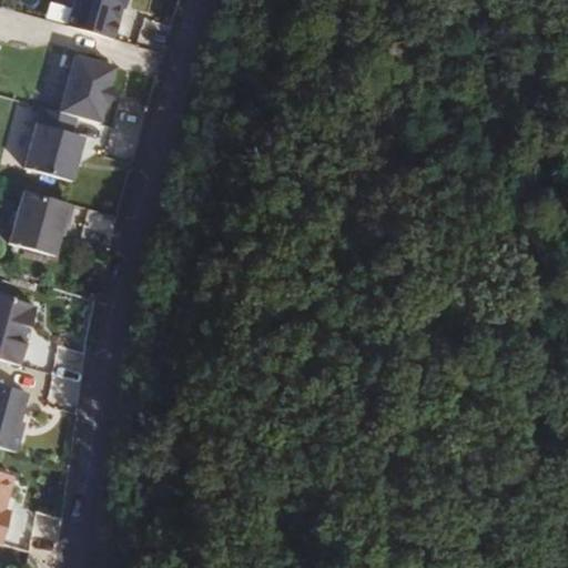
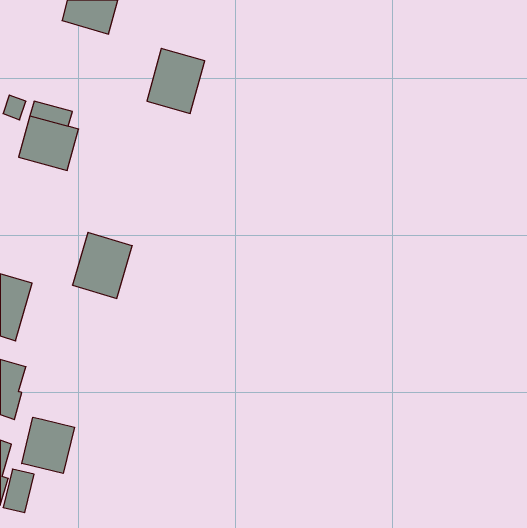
building: [57,52,119,122] -> [147,48,205,113]
building: [6,189,70,260] -> [72,232,132,298]
building: none -> [22,417,74,473]

